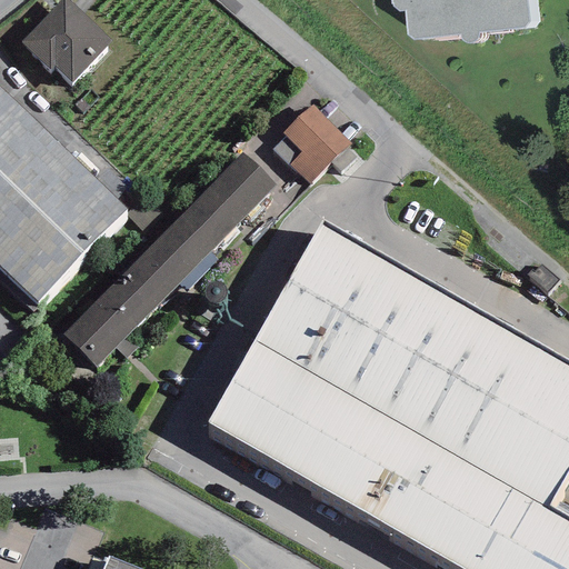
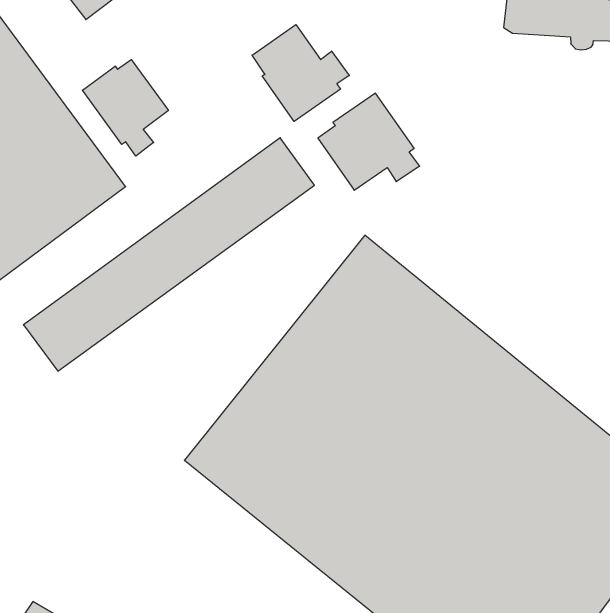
building: none -> [252,25,349,121]
building: none -> [82,60,168,156]

